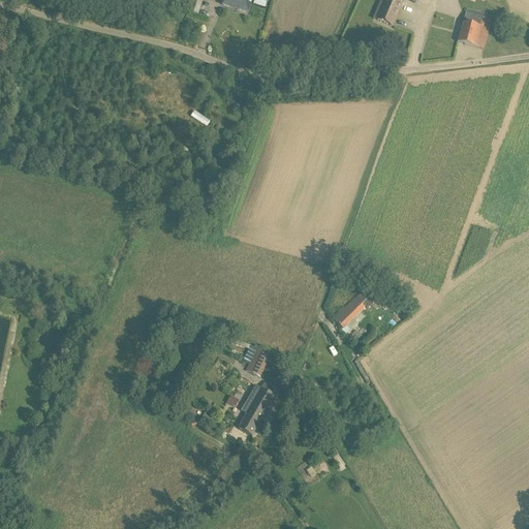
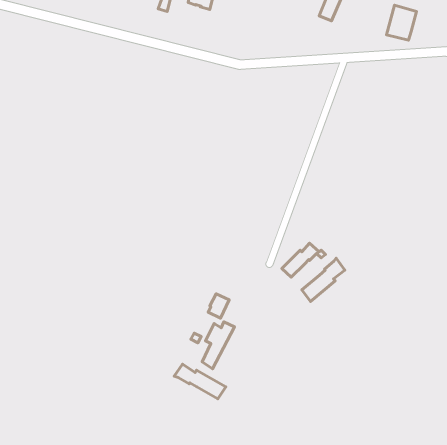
building: none -> [302,258,345,301]
building: none -> [174,364,226,399]

